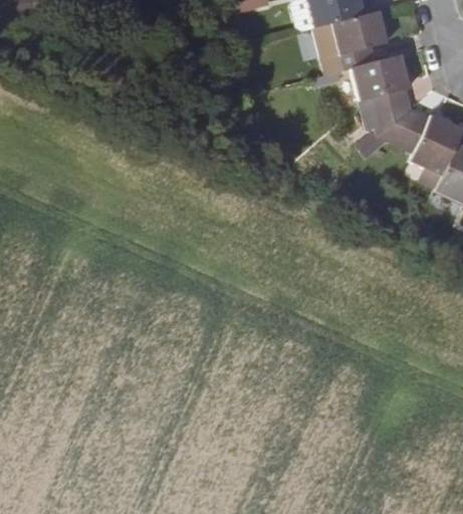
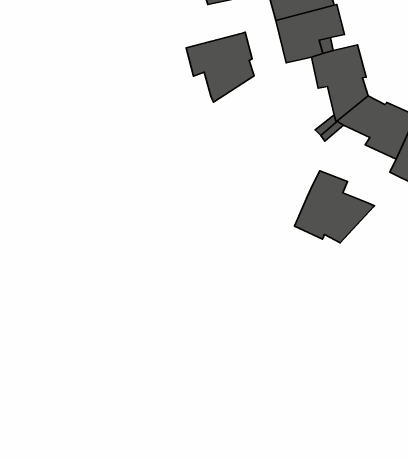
building: none -> [186,32,254,102]
building: none -> [295,171,375,243]

